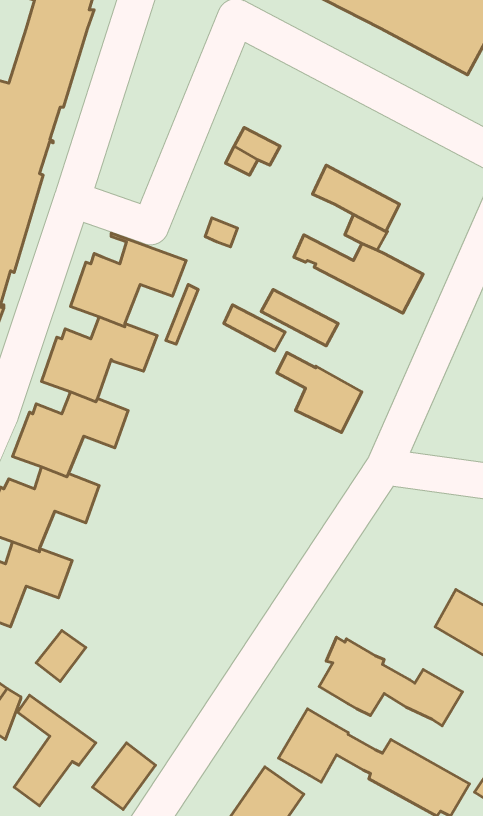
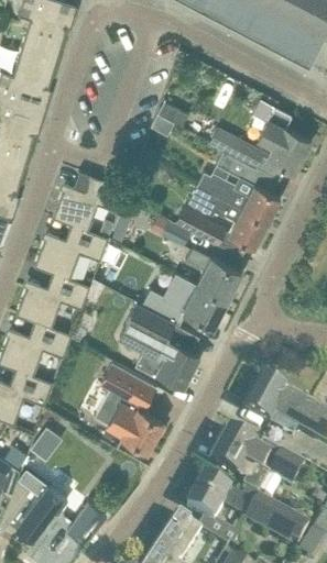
building: none -> [257,107,309,172]
building: none -> [187,186,266,247]
building: none -> [164,285,227,327]
building: none -> [119,303,197,385]
building: none -> [89,363,162,451]
building: none -> [242,377,301,426]

